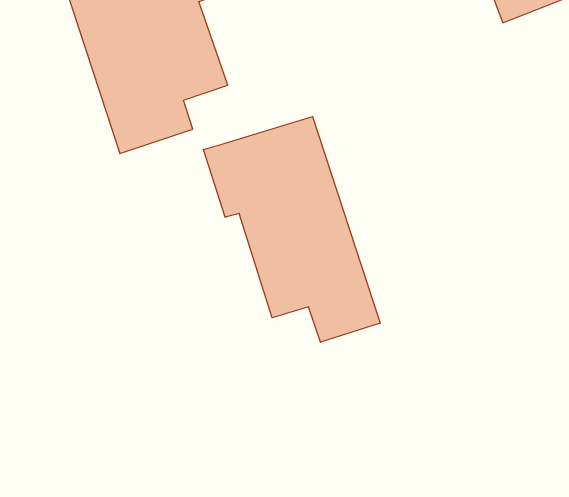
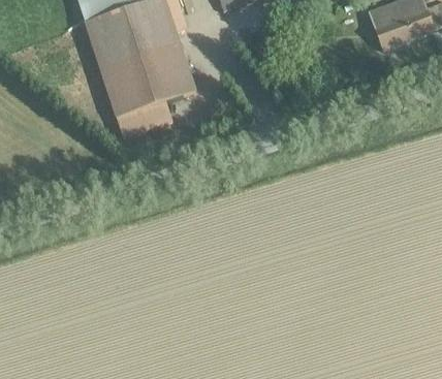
building: [203,117,380,342] -> none

